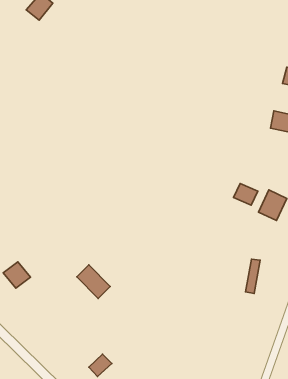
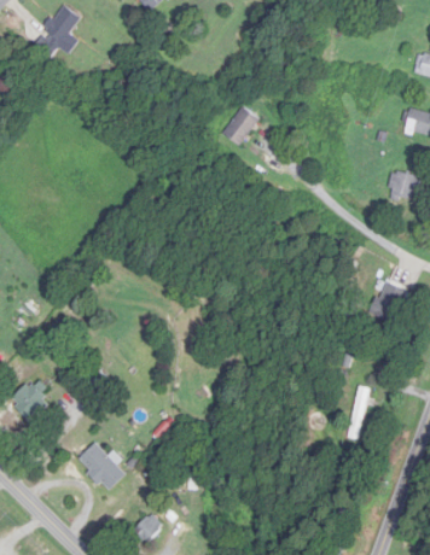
building: none -> [220,106,257,146]
building: [234,184,258,205] -> none
building: [77,265,110,298] -> [76,443,123,490]

